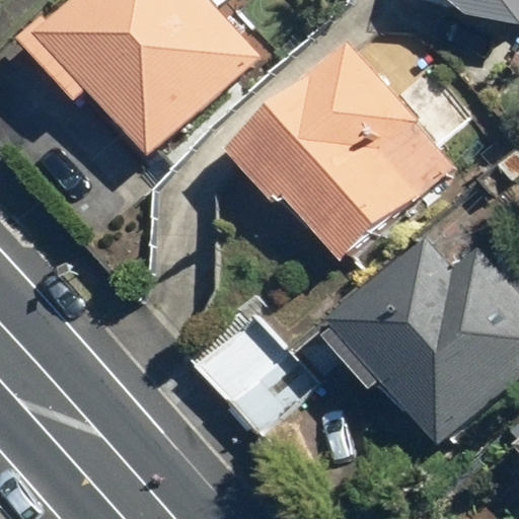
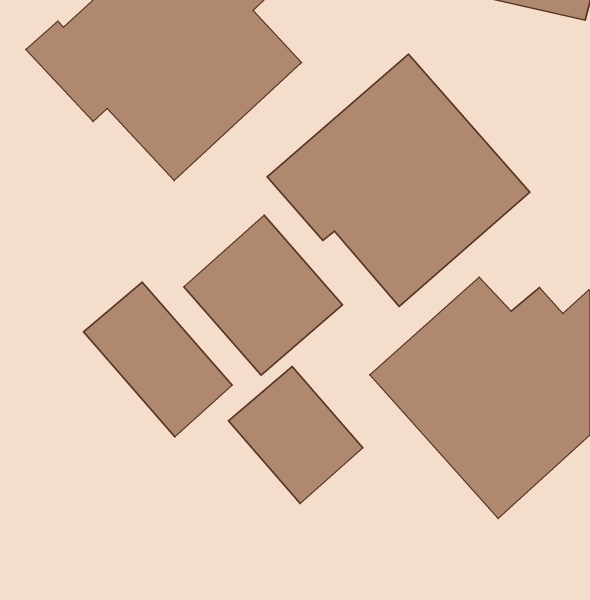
building: none -> [184,215,343,375]
building: none -> [83,282,232,437]

